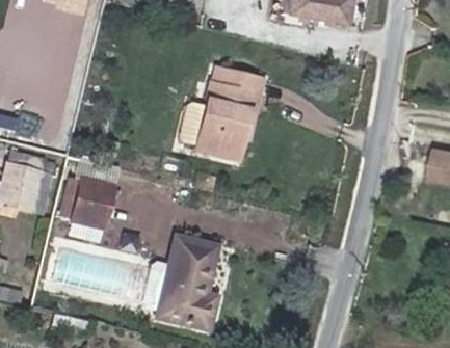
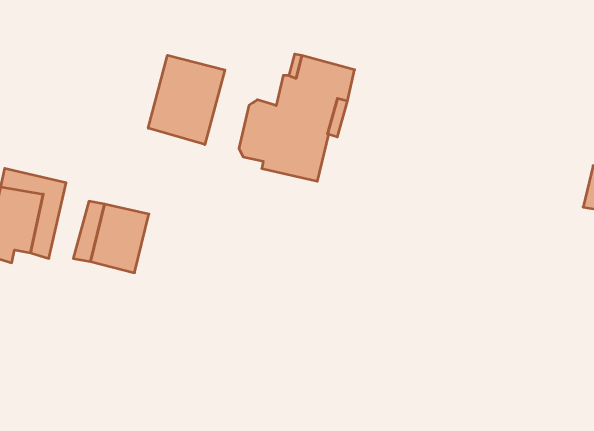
building: none -> [148,55,225,145]
building: [160,239,217,327] -> none

